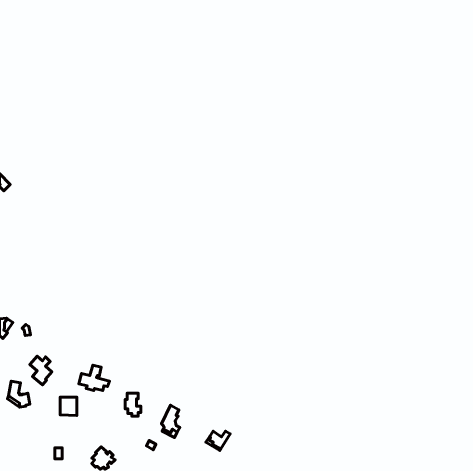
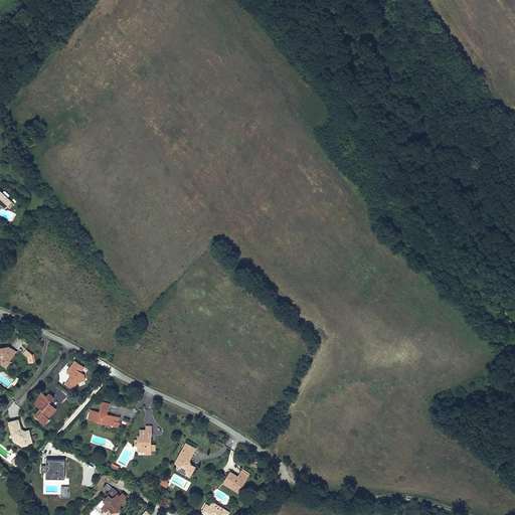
building: none -> [63,363,83,394]
building: [60,397,77,416] -> [45,461,63,481]

